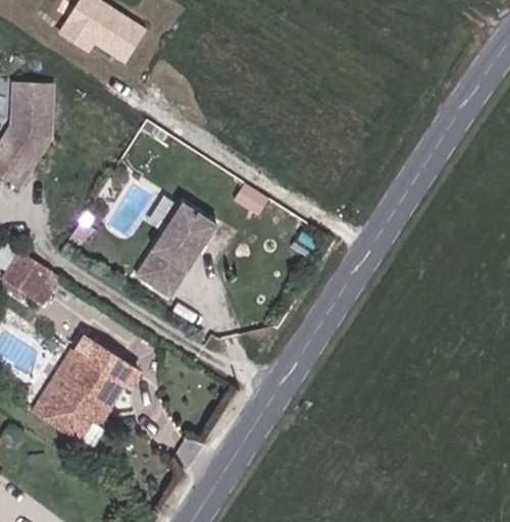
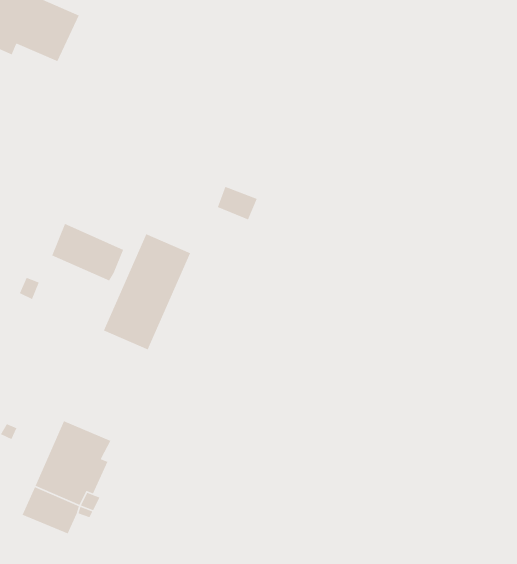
building: none -> [51,223,124,281]

